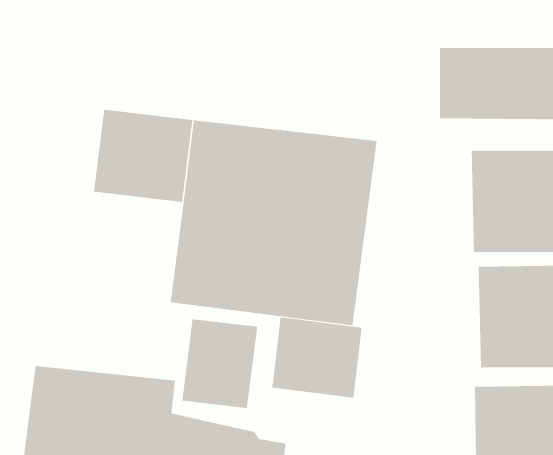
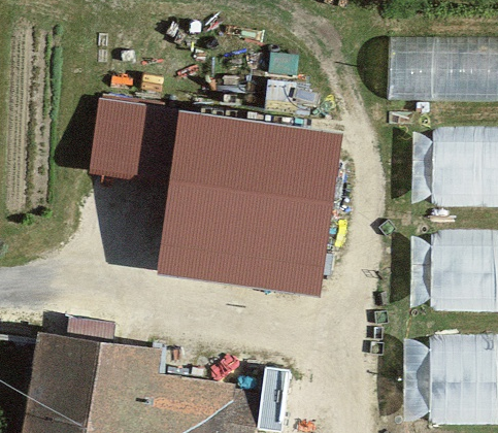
building: [272,317,362,398] -> none
building: [182,319,258,409] -> none

